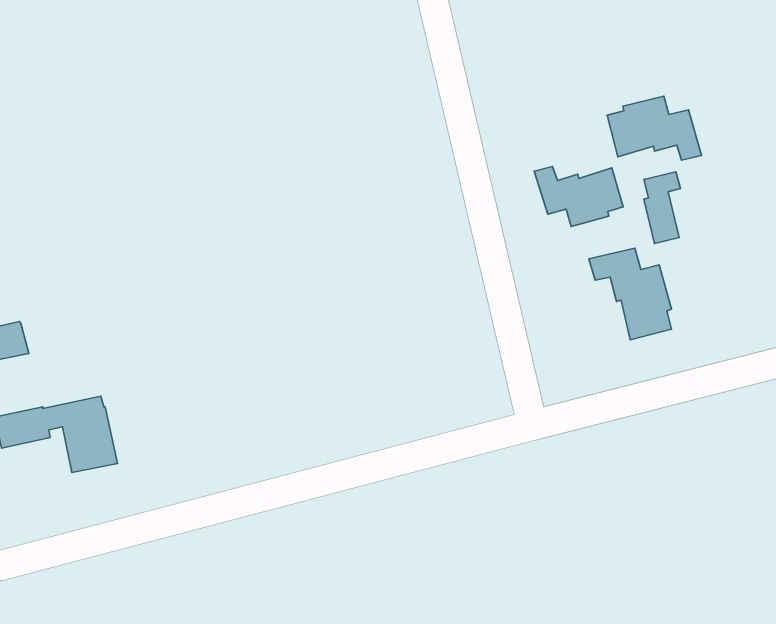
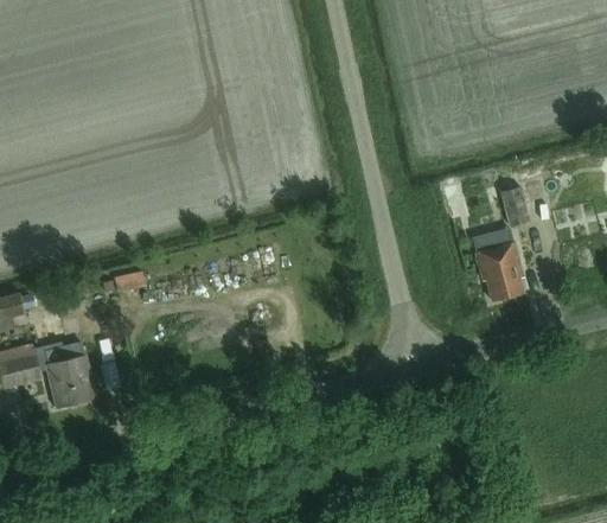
building: [607,96,701,160] -> none
building: [534,166,623,226] -> none

